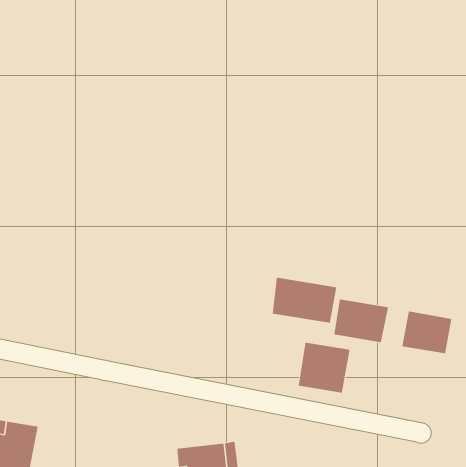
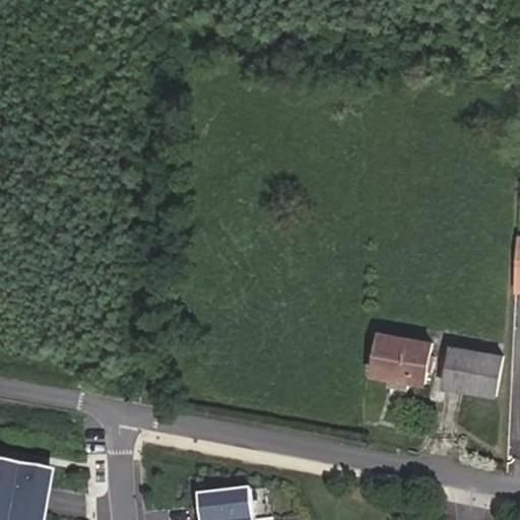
building: [272,277,337,323] -> none
building: [298,342,350,393] -> none

